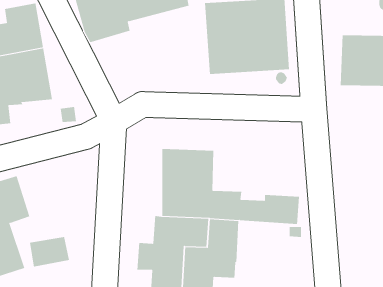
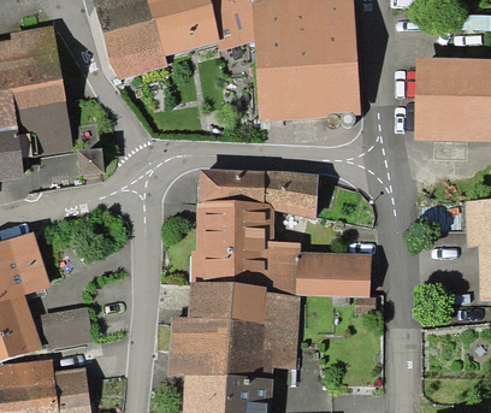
building: none -> [202,172,317,214]

